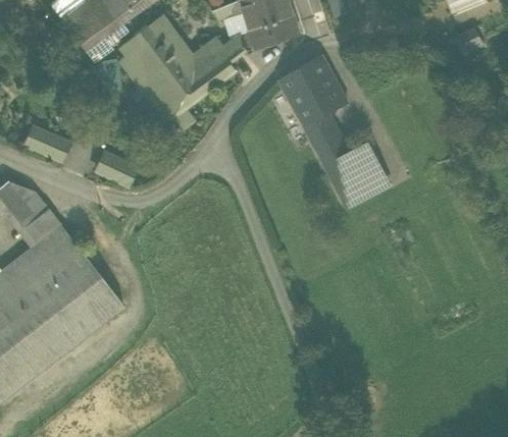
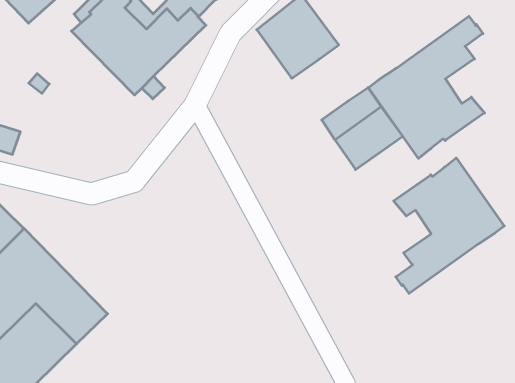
building: none -> [368,16,485,158]
building: [304,110,349,162] -> none
building: [95,152,133,183] -> none
building: none -> [394,158,504,293]

